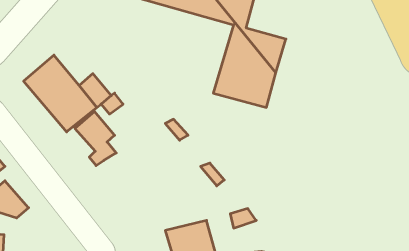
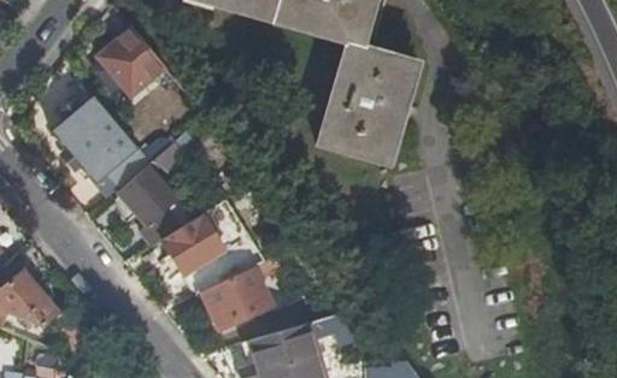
building: none -> [100,28,169,95]
building: none -> [159,202,239,274]
building: none -> [201,266,270,327]

